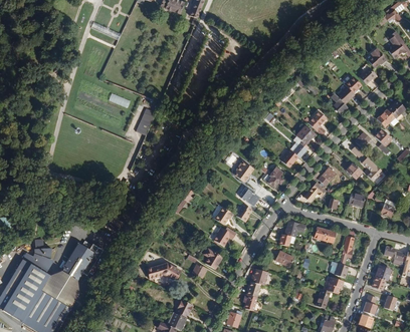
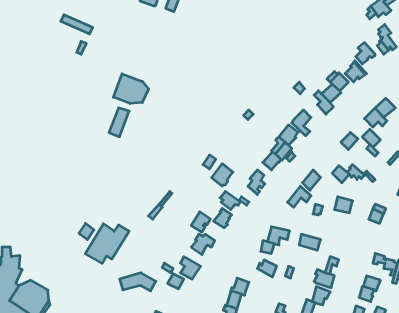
building: none -> [113,74,149,104]
building: [62,242,104,279] -> [85,224,129,263]

